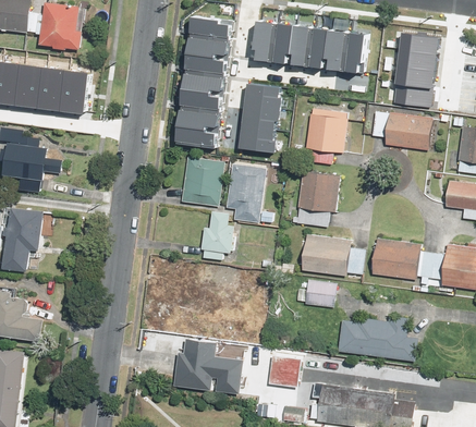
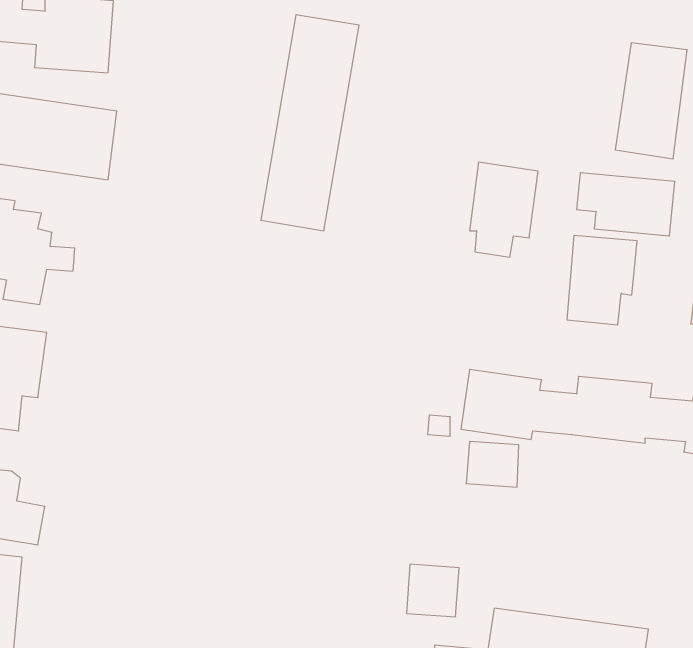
building: [257,16,371,75] -> none
building: [240,80,284,148] -> none
building: [179,156,222,206] -> none
building: [223,162,272,223] -> none
building: [294,171,338,227] -> [567,235,637,325]
building: [198,212,234,260] -> none
building: [333,316,414,362] -> none
building: [175,338,243,390] -> none

